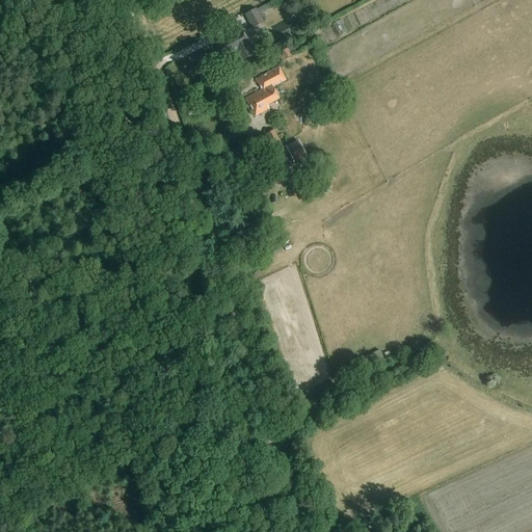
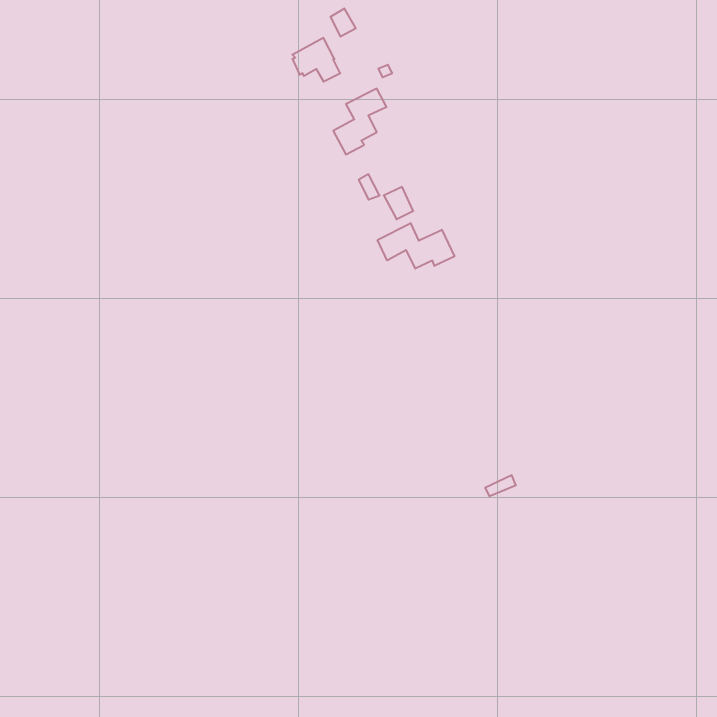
building: none -> [378,223,454,269]

